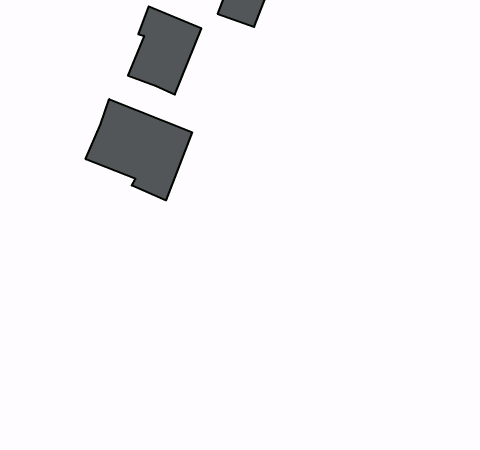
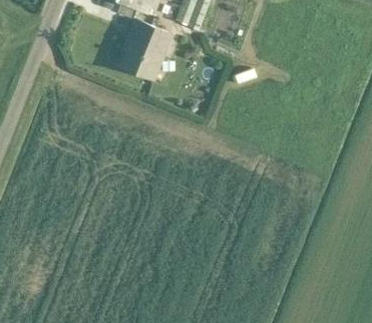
building: [86,99,192,200] -> none

